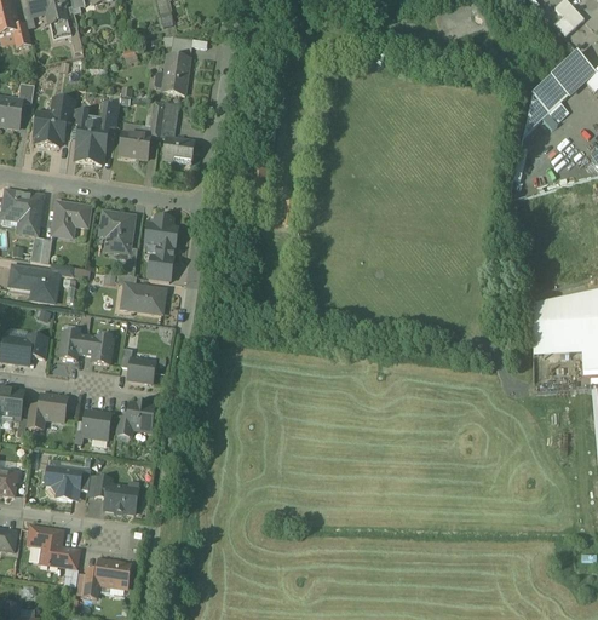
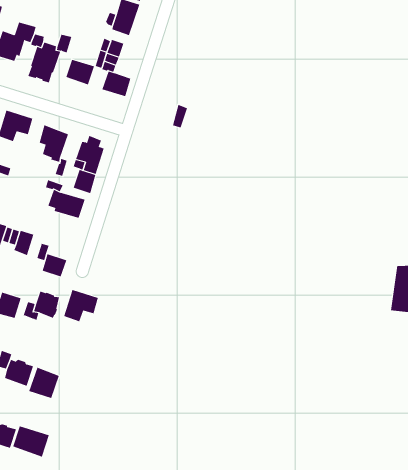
building: none -> [63,289,99,322]
building: none -> [29,367,60,399]
building: none -> [13,425,50,457]

